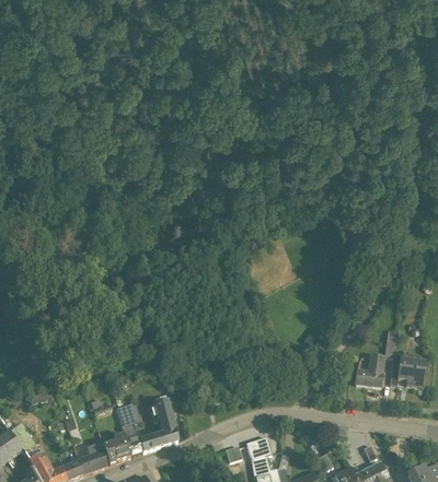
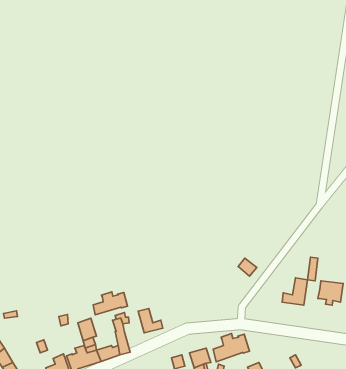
building: none -> [93,292,128,315]
building: none -> [138,308,163,333]
building: none -> [213,333,250,362]

